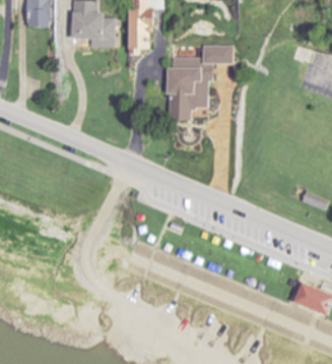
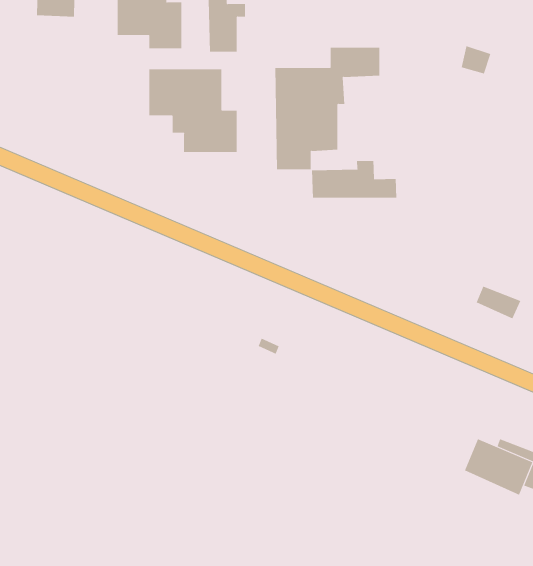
building: none -> [149,69,237,153]
building: none -> [311,160,397,198]

